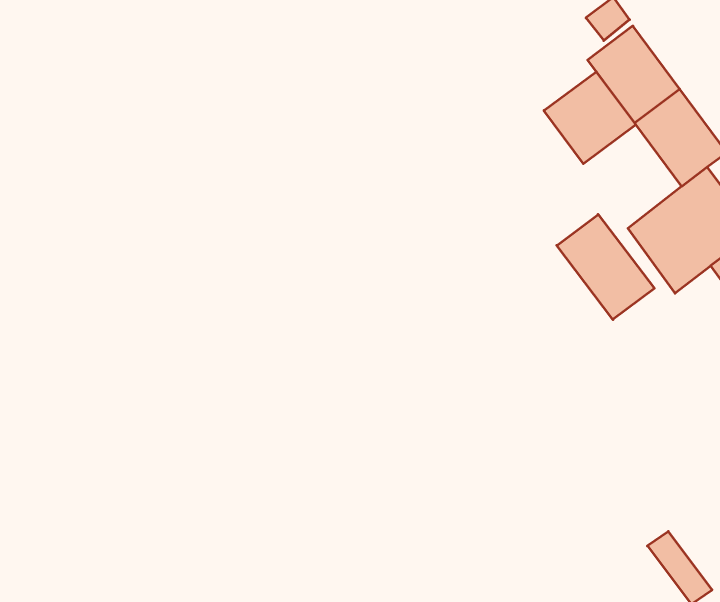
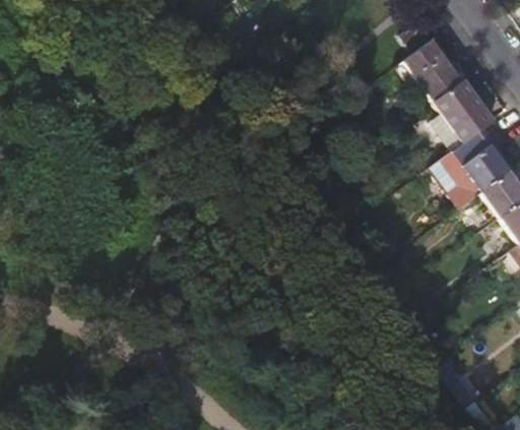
building: [544,72,636,164] -> none
building: [557,214,654,320] -> none

